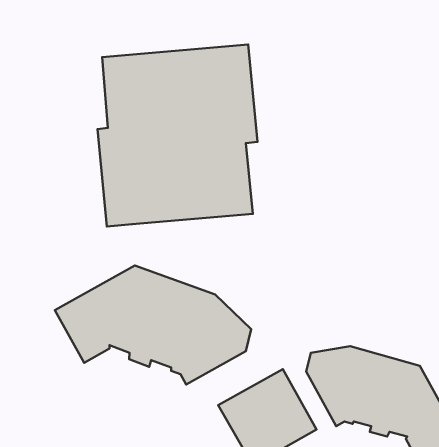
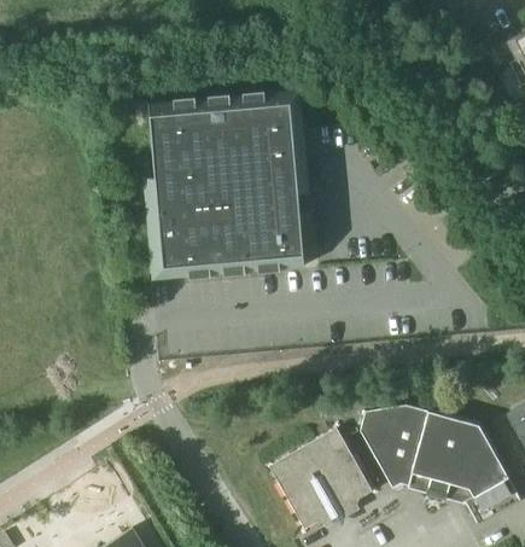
building: [55,265,251,384] -> none

